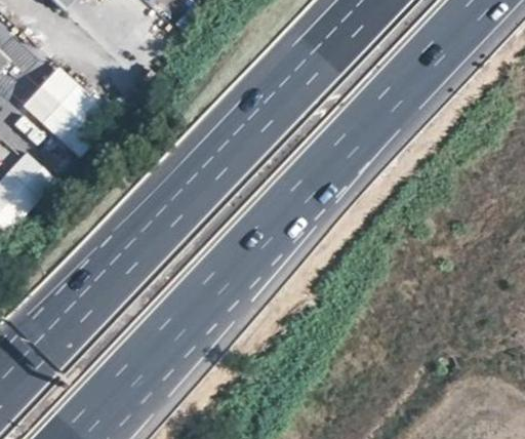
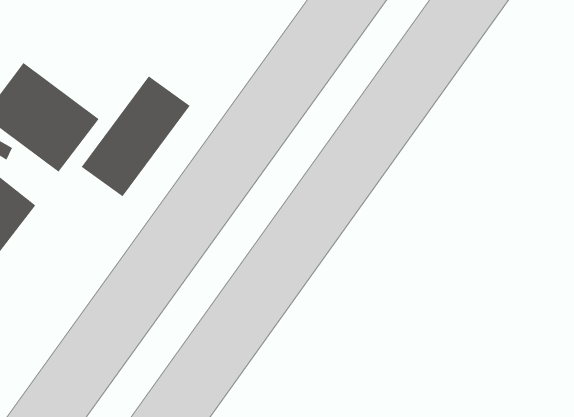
building: none -> [81,75,191,197]

